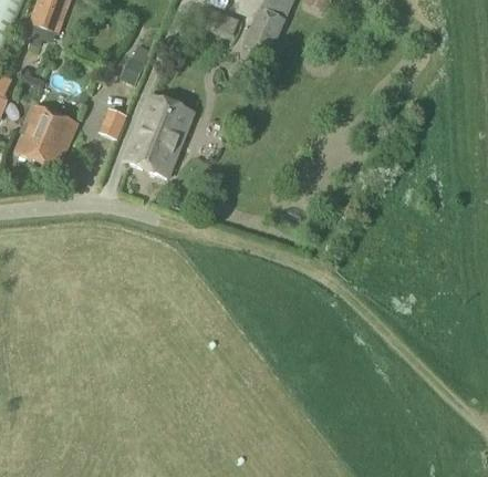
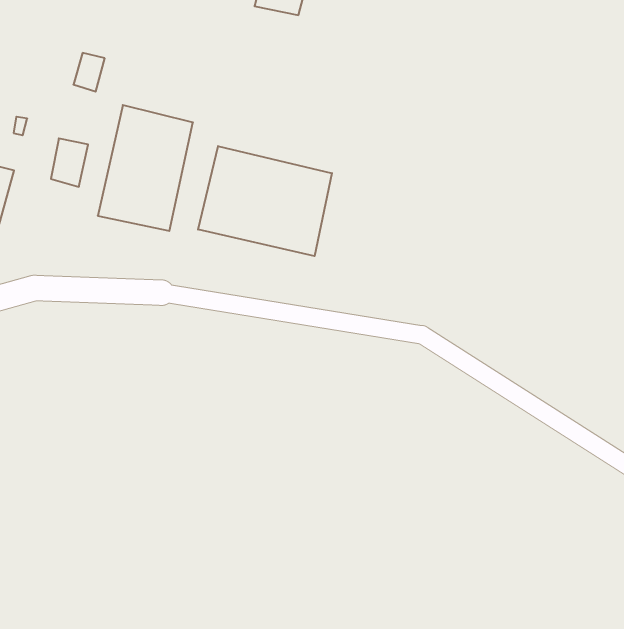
building: none -> [198,146,332,256]

